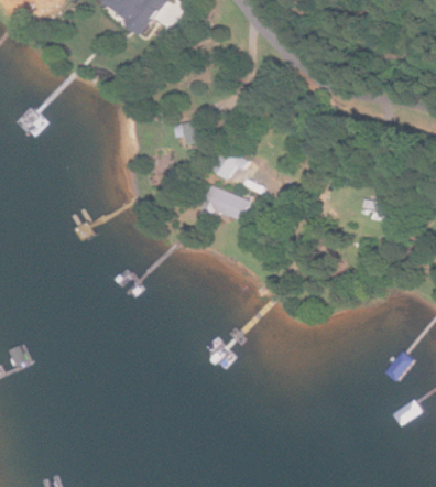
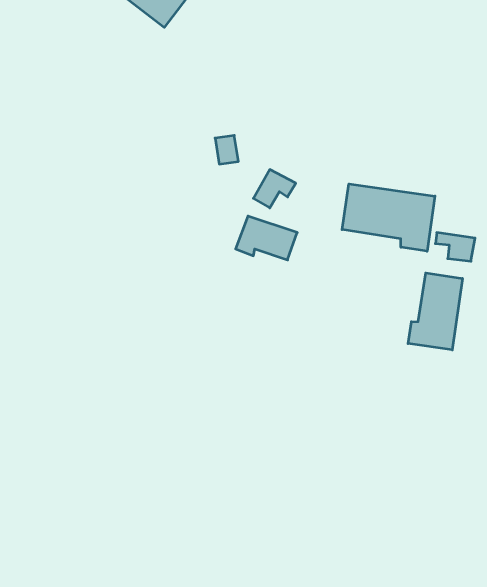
building: none -> [342,184,435,251]
building: none -> [408,273,462,350]

